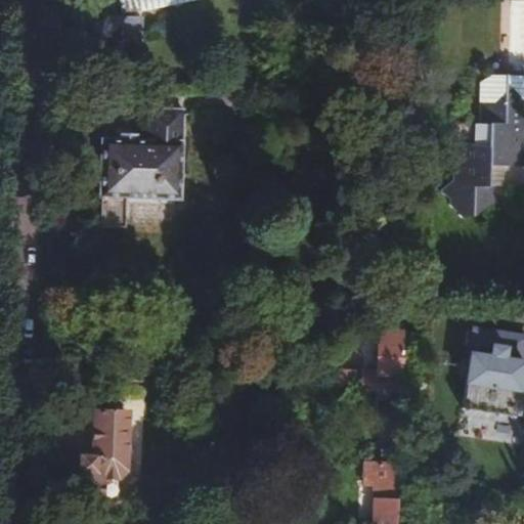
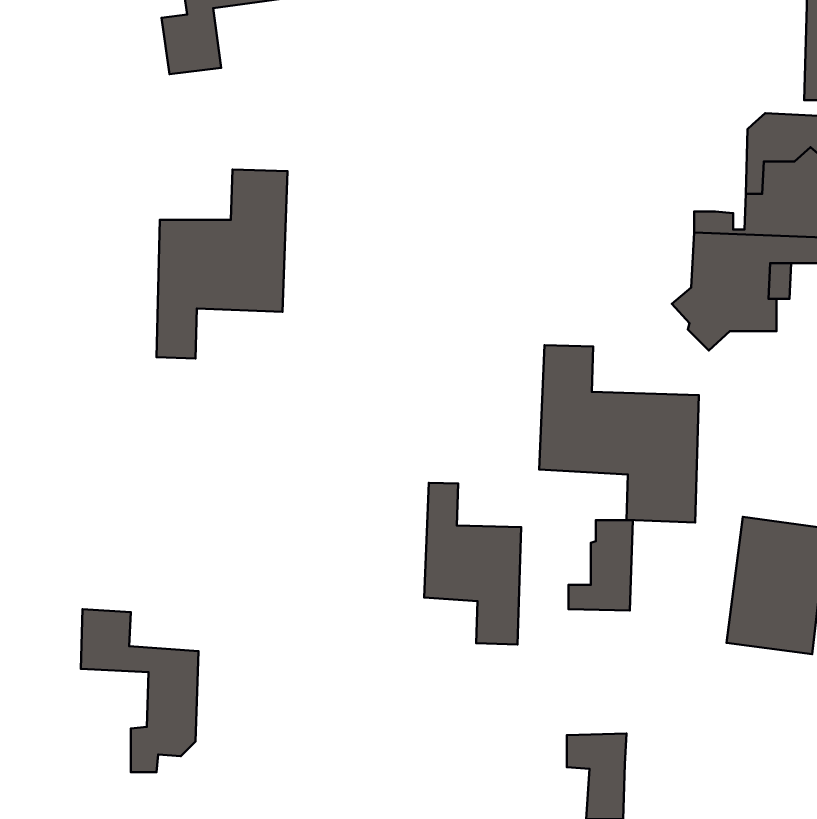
building: none -> [539,345,699,522]
building: none -> [424,483,521,645]

